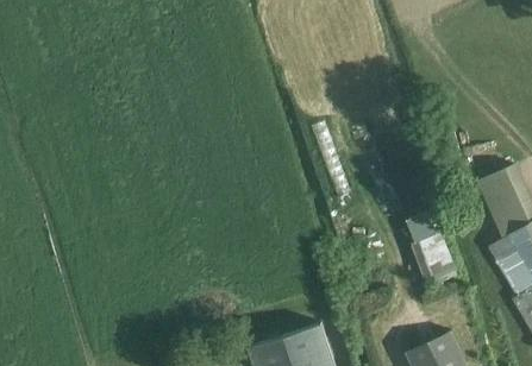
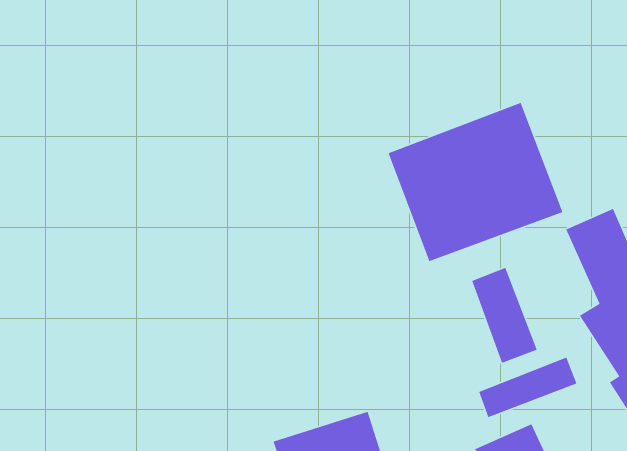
building: none -> [387,102,564,262]
building: none -> [478,357,578,418]

